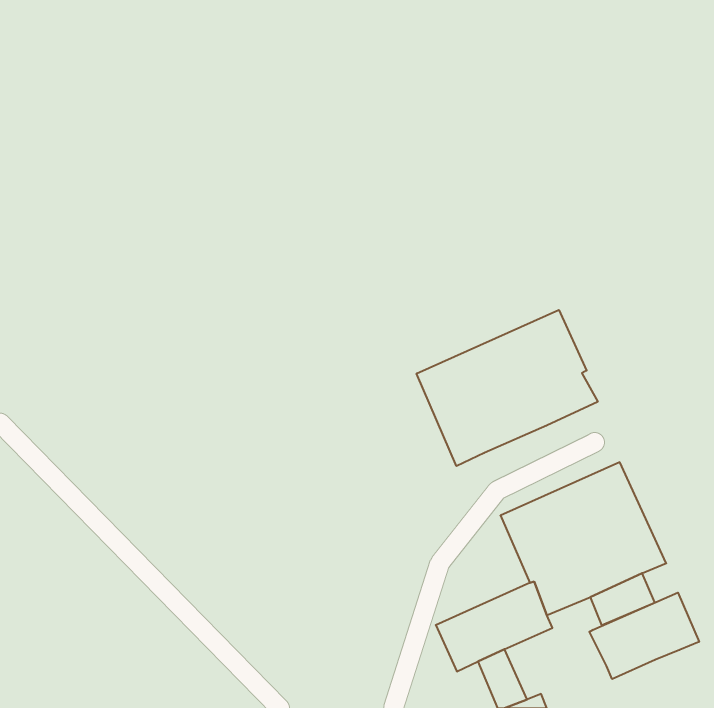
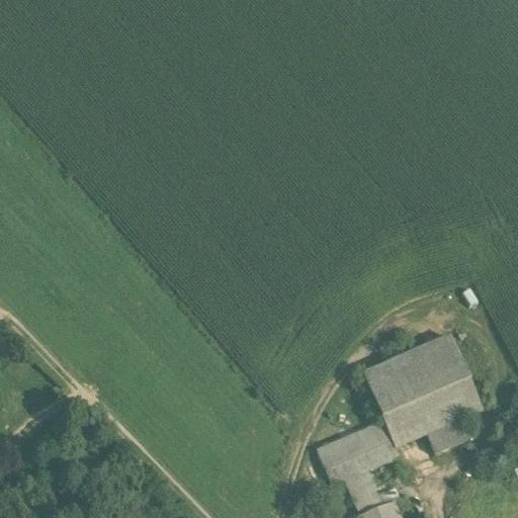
building: [417,310,598,466] -> none
building: [589,593,699,679] -> none

